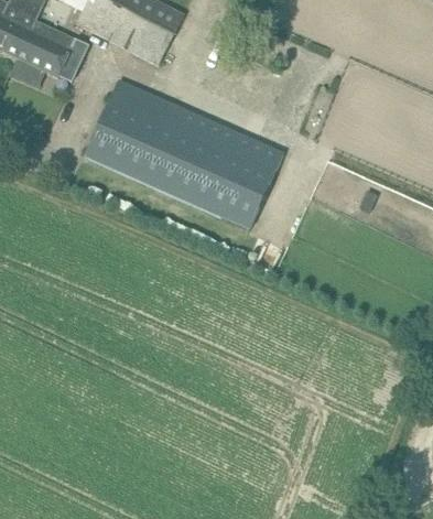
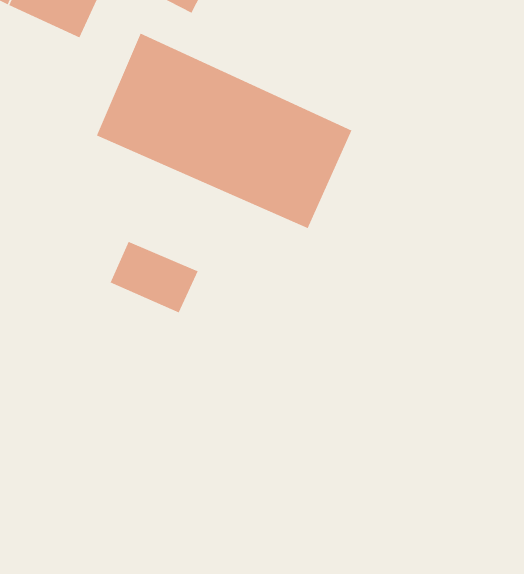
building: none -> [109,241,199,314]

